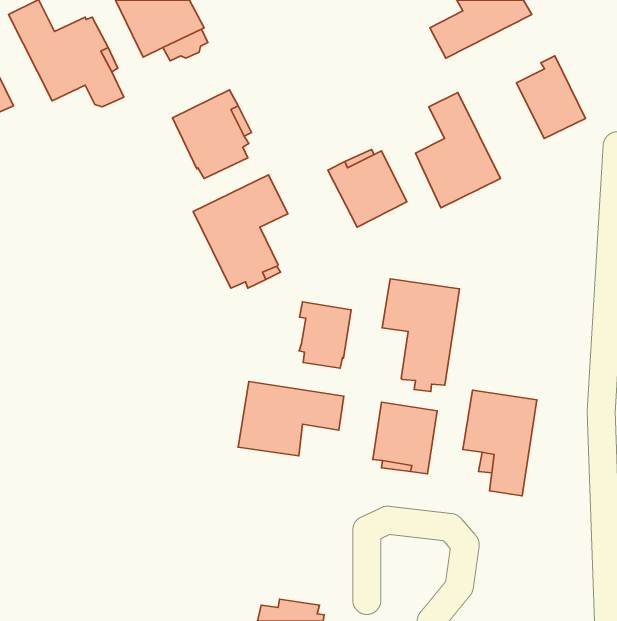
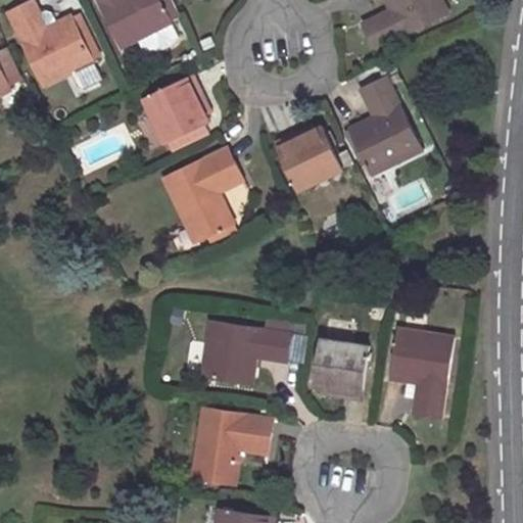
building: [517,56,585,138] -> none
building: [382,279,460,392] -> none
building: [299,302,351,368] -> none
building: none -> [191,408,271,484]

